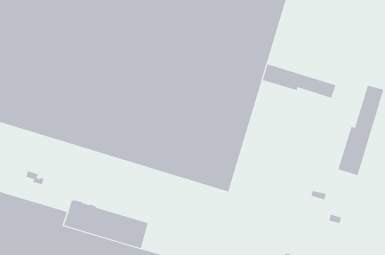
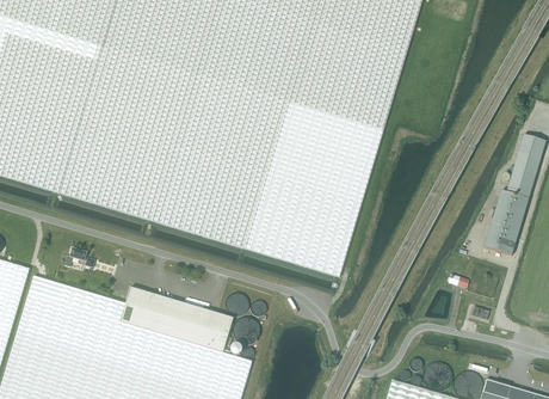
building: [262,64,336,98] -> none

